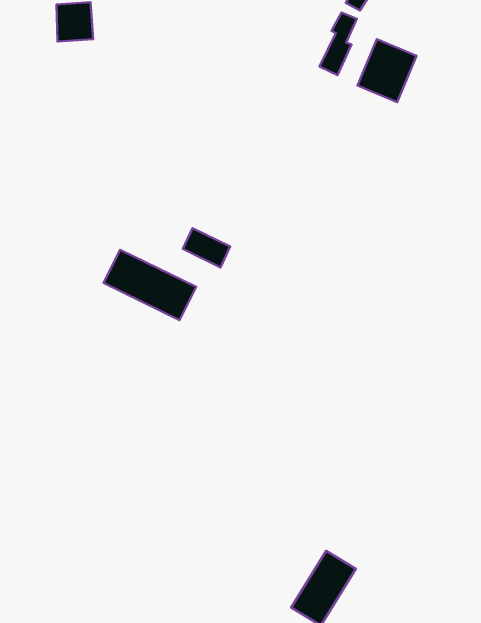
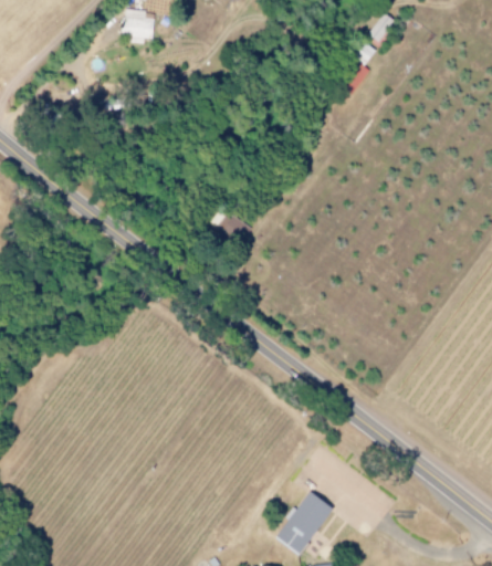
building: [357,39,416,102] -> none
building: [103,250,196,320] -> none

